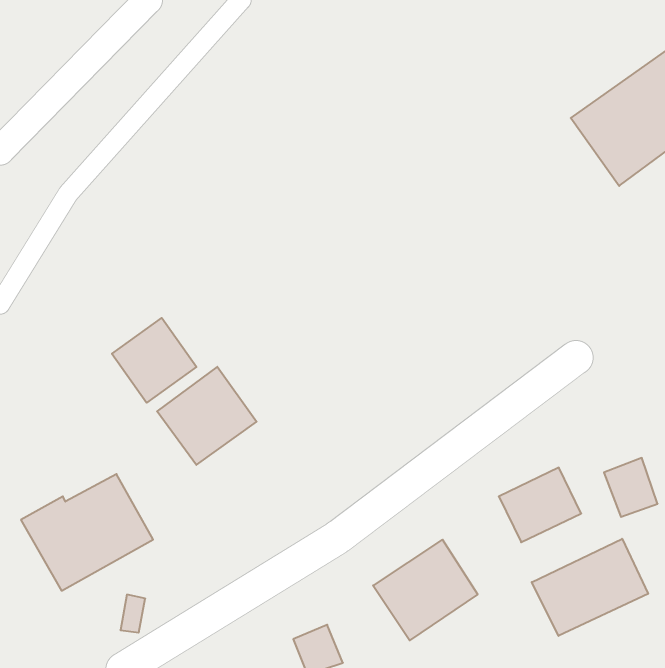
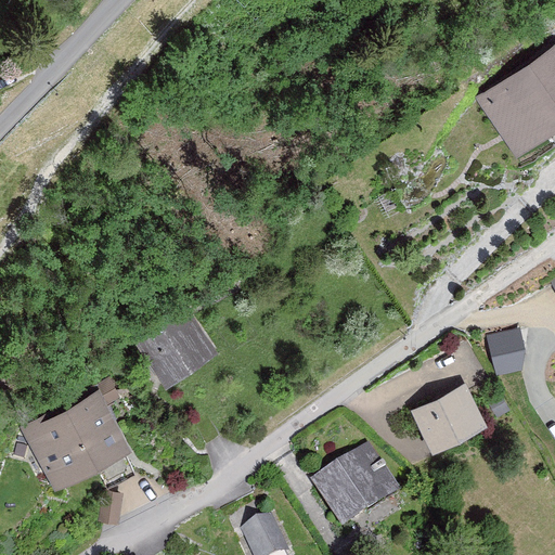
building: [112,318,196,403] -> none
building: [604,458,658,517] -> [489,325,533,374]
building: [532,539,648,636] -> none

